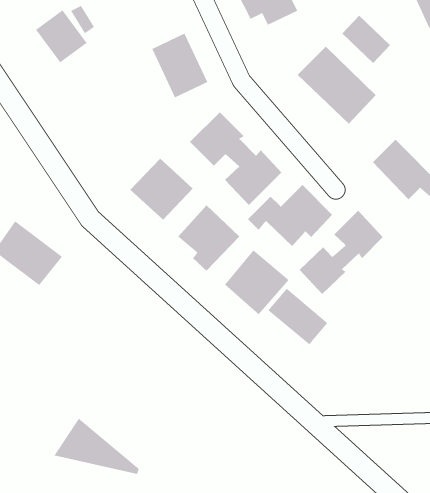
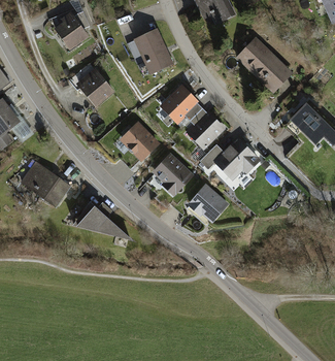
building: [341,15,391,64] -> none
building: none -> [76,68,113,106]
building: [299,210,383,295] -> none
building: [268,288,328,345] -> none
building: [54,418,139,475] -> [72,200,133,240]

